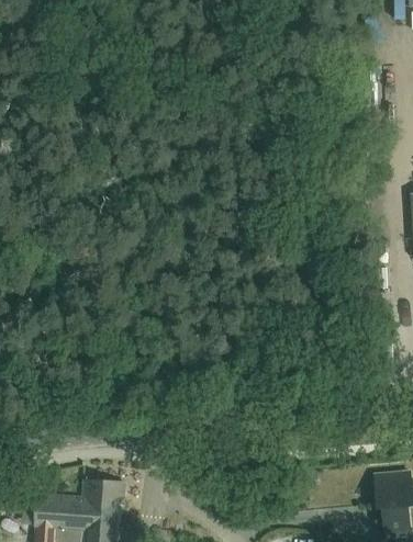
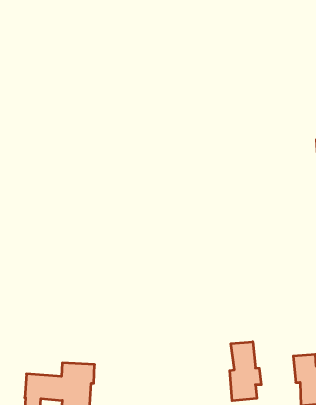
building: none -> [230,342,261,401]

